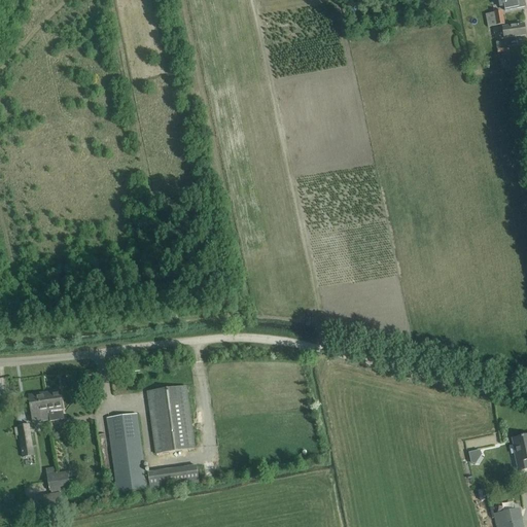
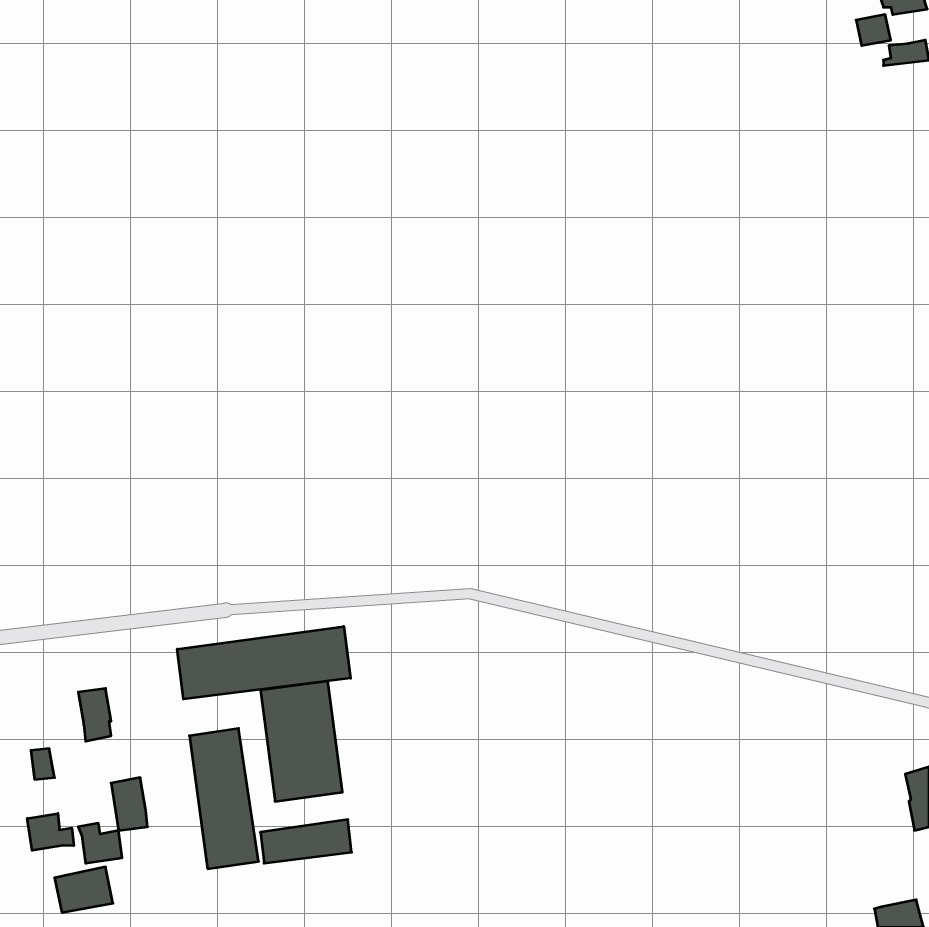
building: none -> [177,626,351,699]
building: [28,391,48,421] -> [111,778,148,830]
building: none -> [27,813,74,850]

